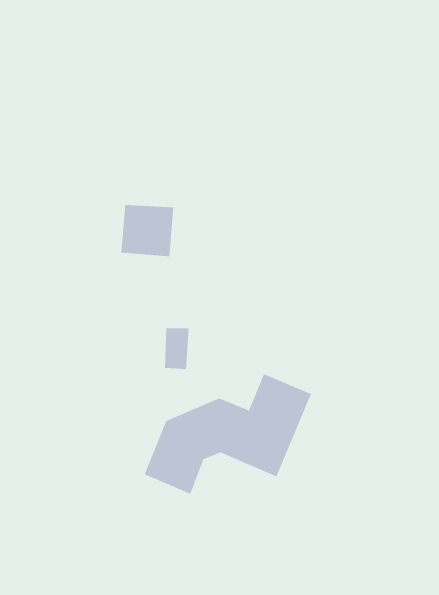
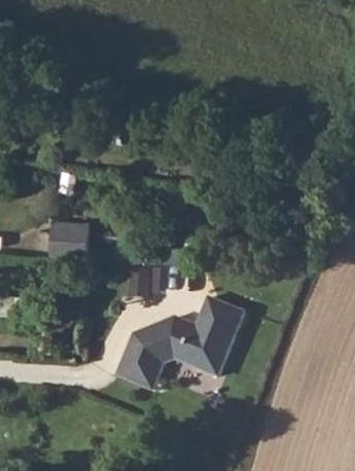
building: [121,205,174,257] -> [52,218,94,258]

